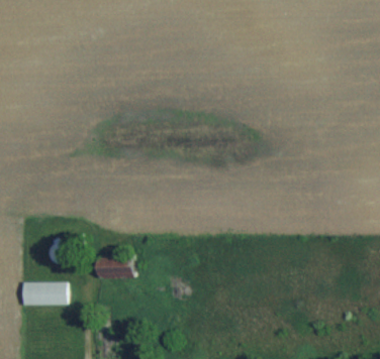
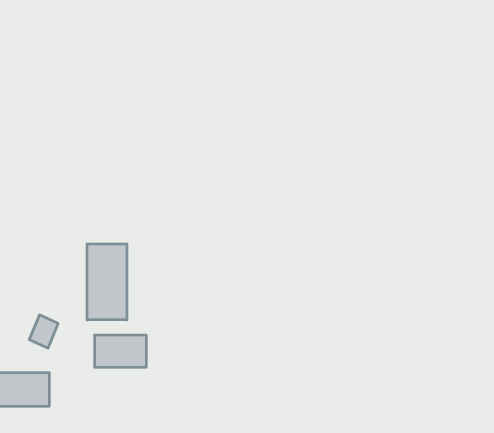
building: none -> [87,244,127,320]

